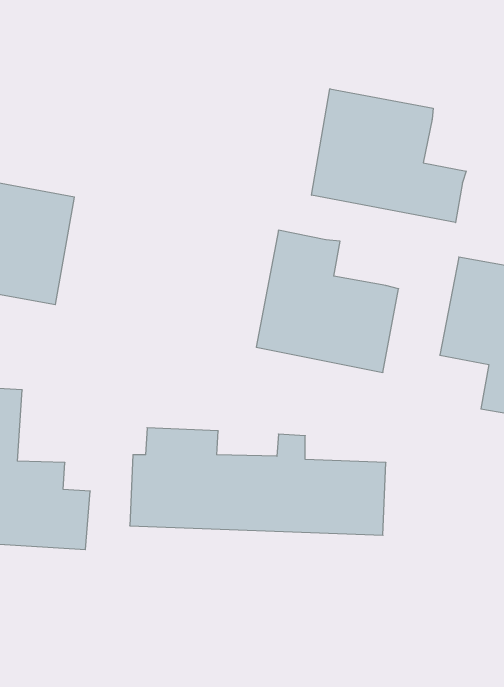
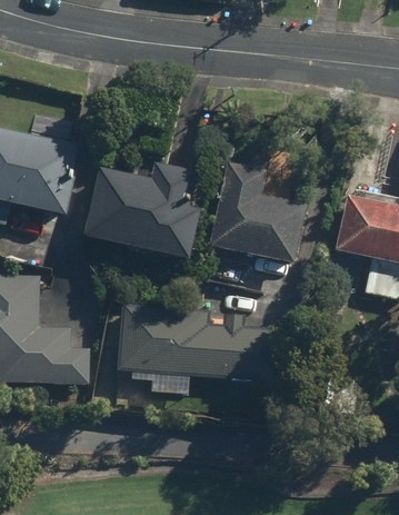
building: [312,89,466,223] -> none
building: none -> [77,160,202,261]

